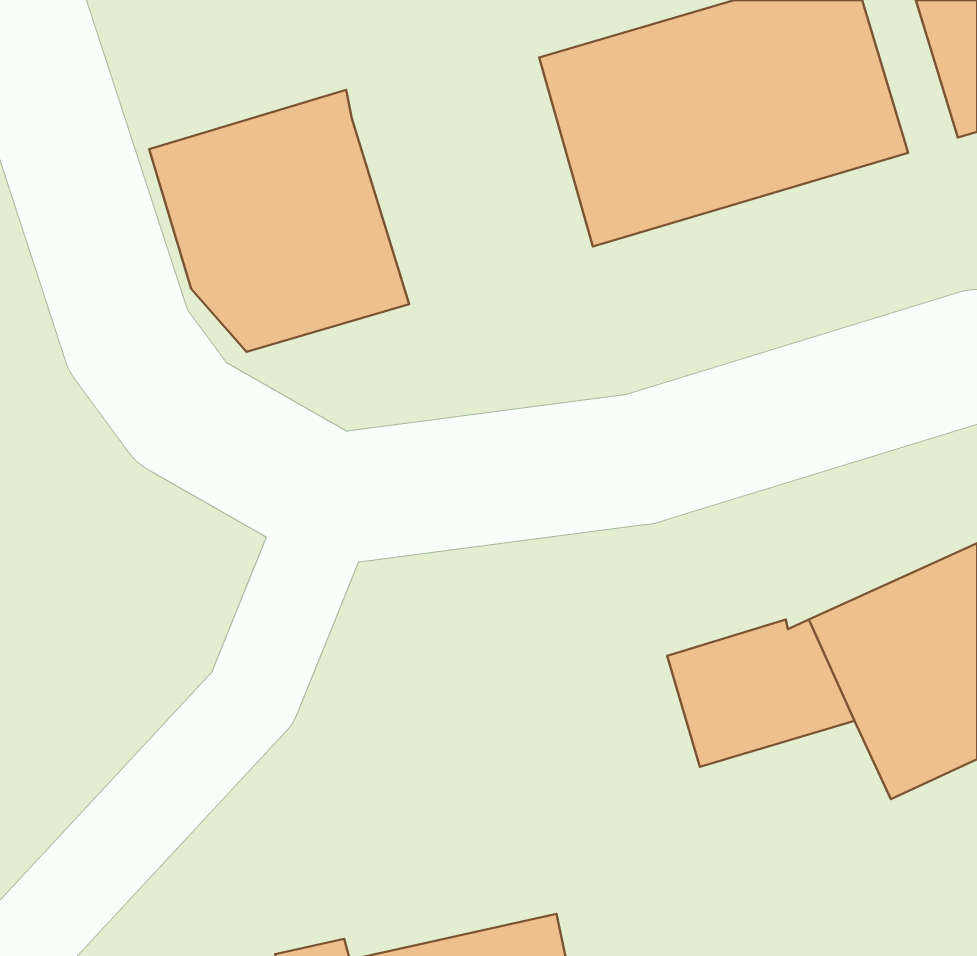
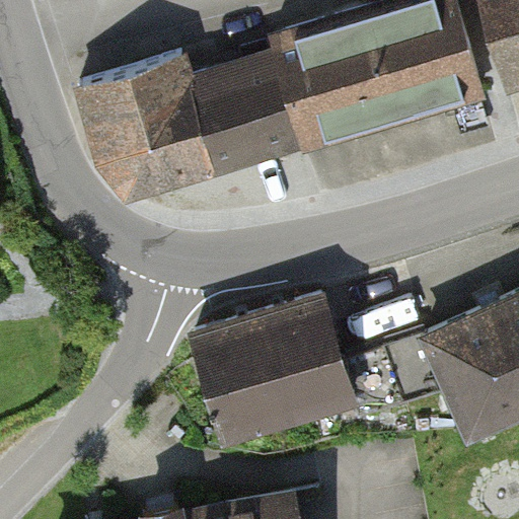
building: none -> [187,62,303,172]
building: none -> [198,301,353,438]

